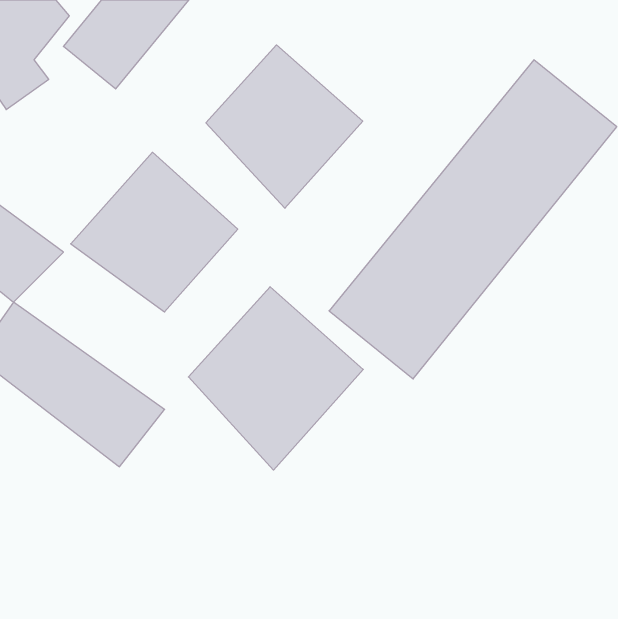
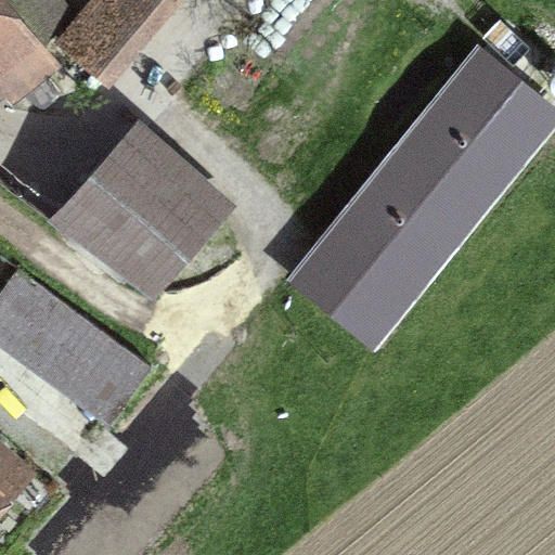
building: [206,45,363,208] -> none
building: [188,287,363,470] -> none

